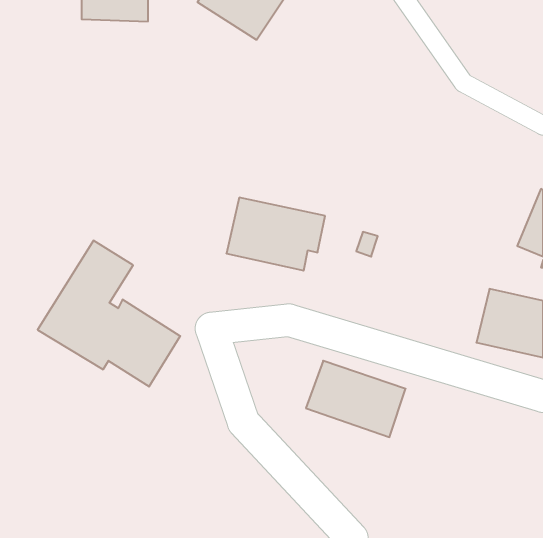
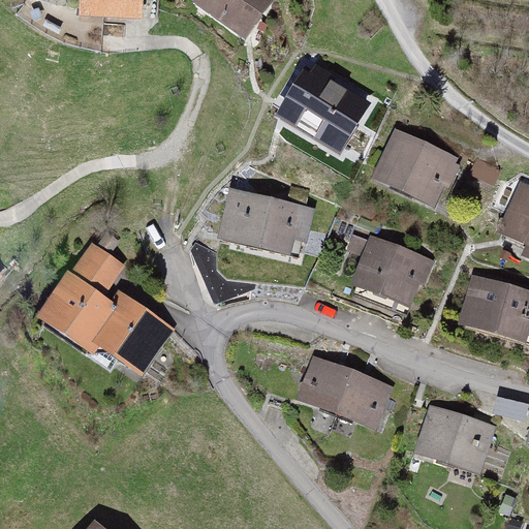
building: none -> [278,64,372,154]
building: none -> [371,126,460,209]
building: none -> [352,241,430,312]
building: none -> [410,396,494,466]

